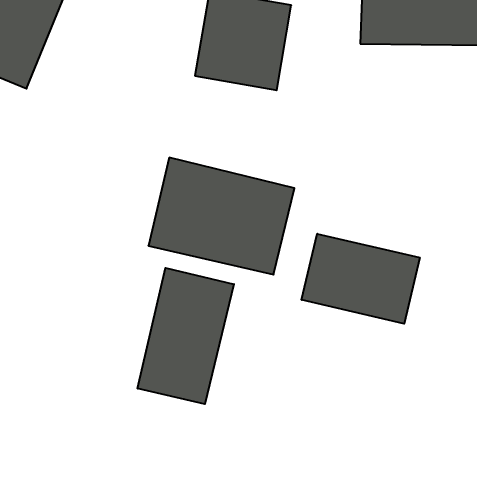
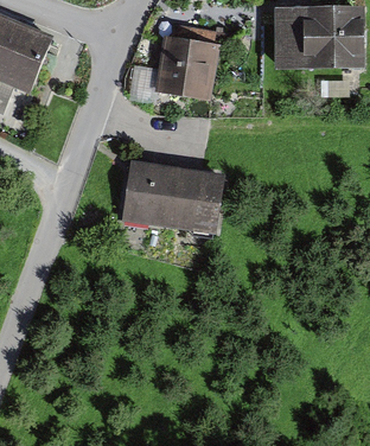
building: [302,234,420,324] -> none
building: [138,268,234,404] -> none

